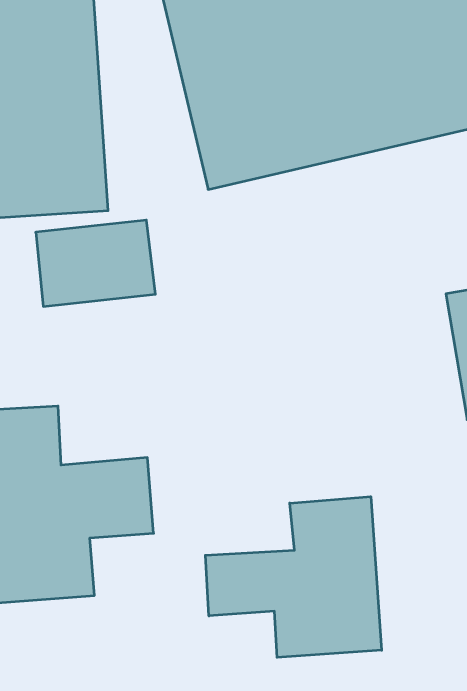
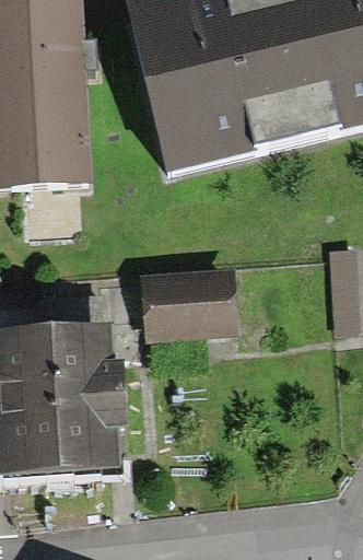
building: [36,220,155,306] -> [145,269,232,331]
building: [205,497,382,657] -> none

